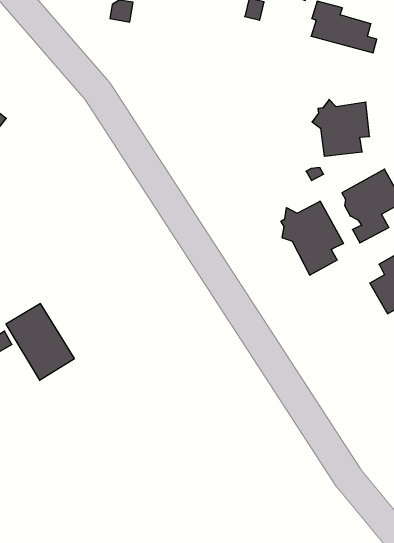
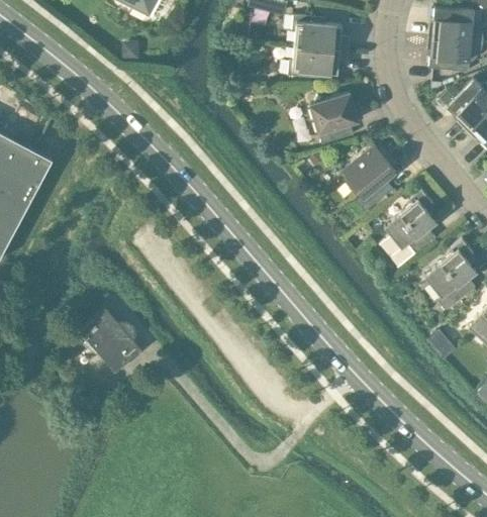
building: none -> [289,45,350,78]
building: [281,201,343,275] -> none

